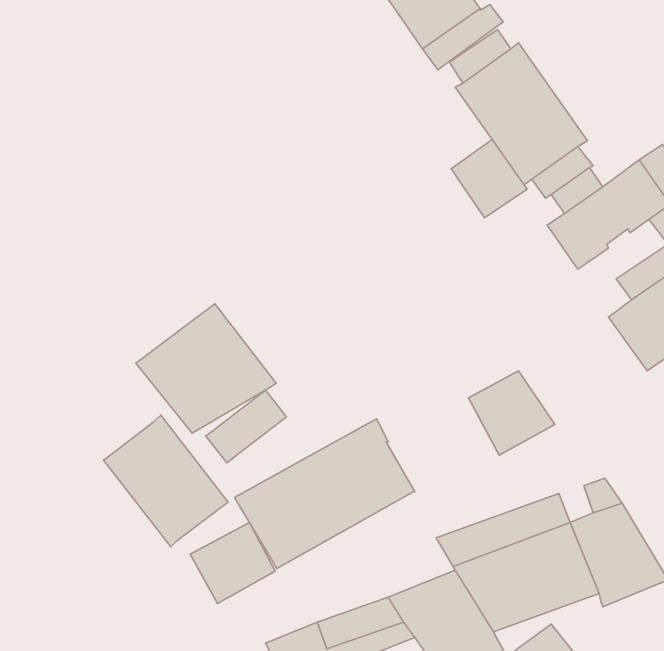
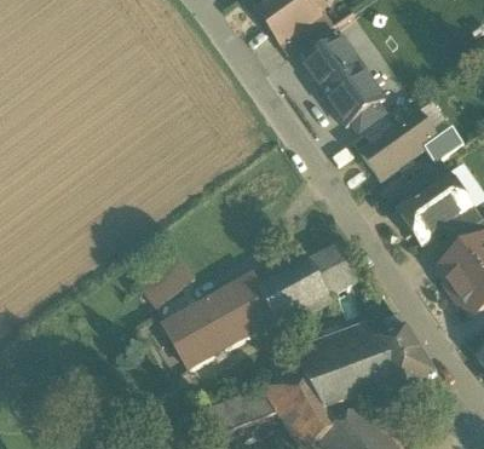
building: [451,139,527,218] -> none
building: [136,304,276,433] -> none
building: none -> [258,260,329,324]
building: [104,415,228,547] -> none
building: [190,522,275,603] -> none

